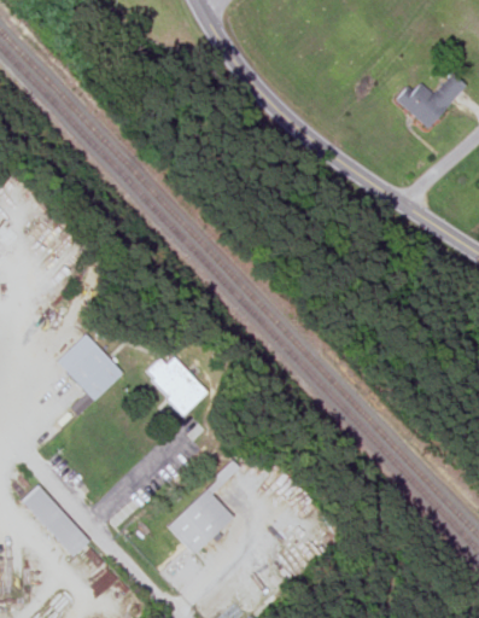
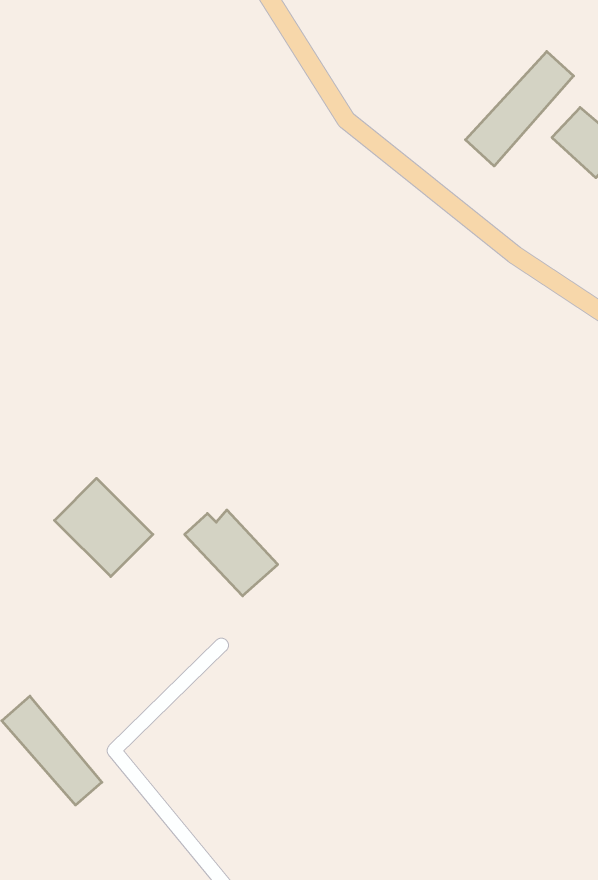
building: none -> [465,51,574,166]
building: [169,496,232,554] -> none

